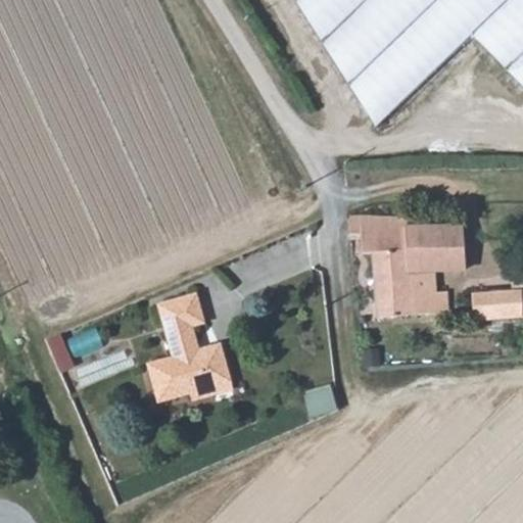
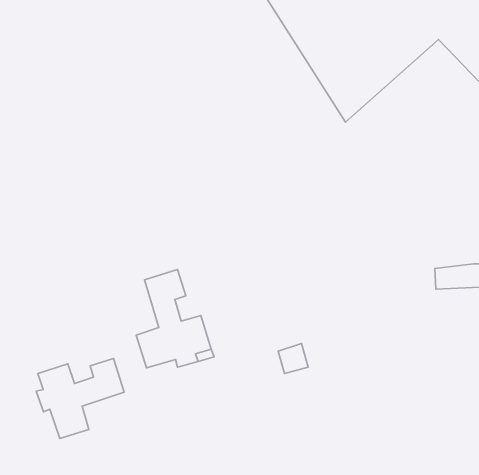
building: [350,212,464,314] -> none
building: none -> [36,359,124,439]

